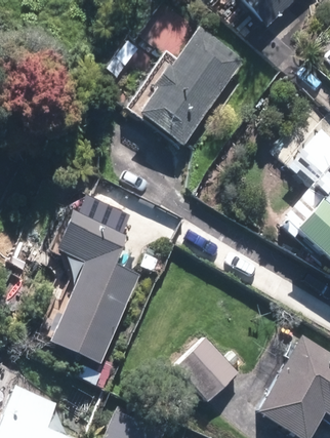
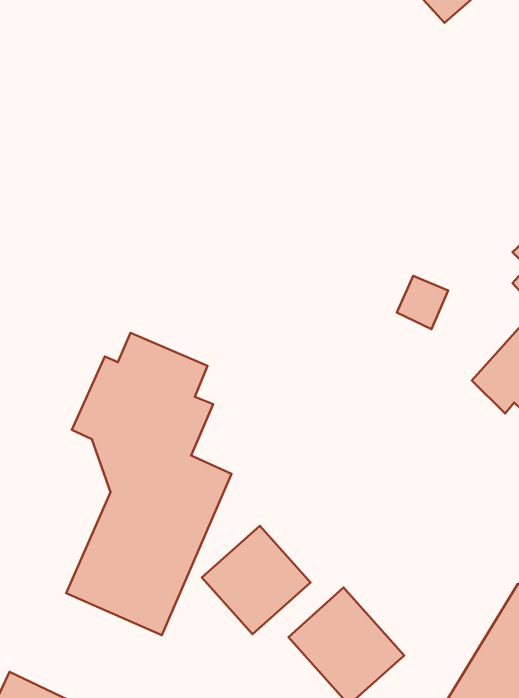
building: [128,26,242,146] -> none
building: none -> [202,526,311,634]

